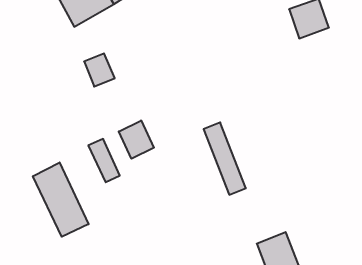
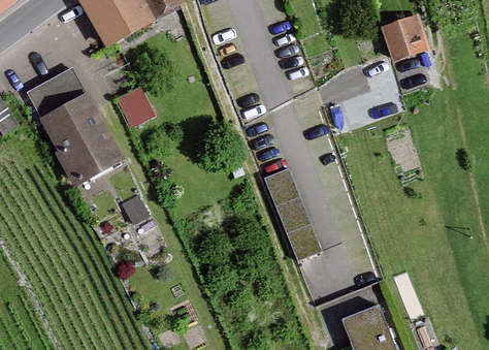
building: none -> [28,68,122,184]
building: [119,120,154,159] -> none
building: [33,162,89,237] -> none

